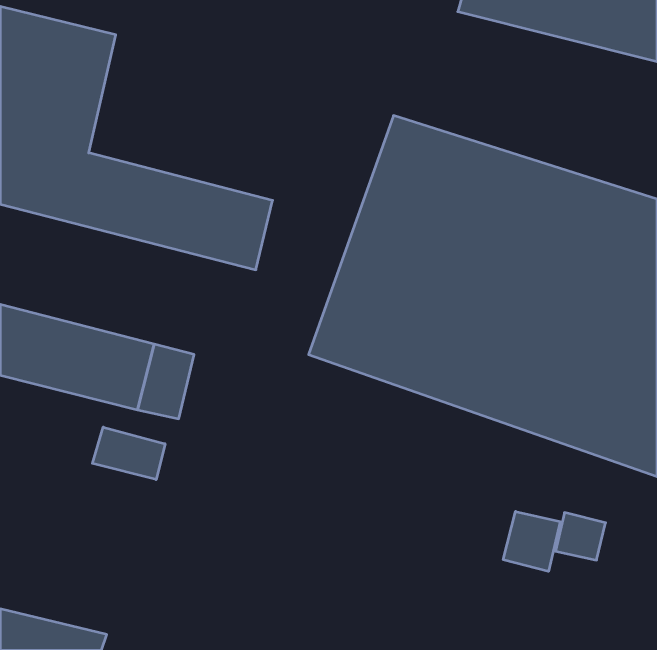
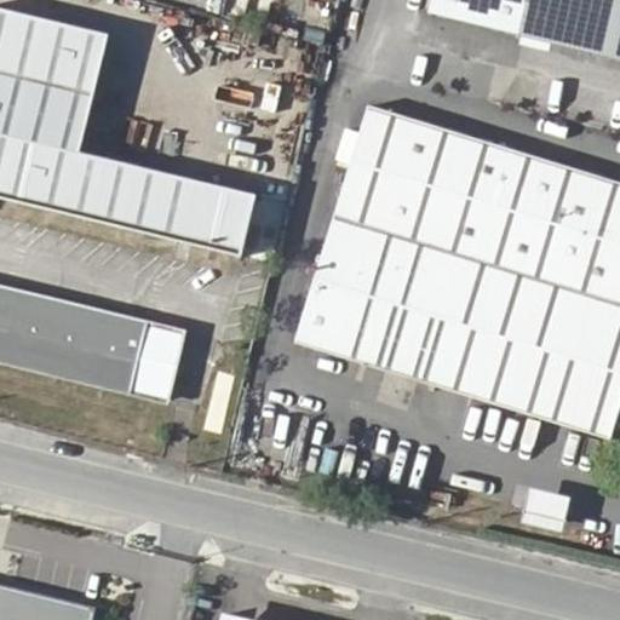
building: [92,427,165,480] -> none
building: [503,511,560,571] -> none

